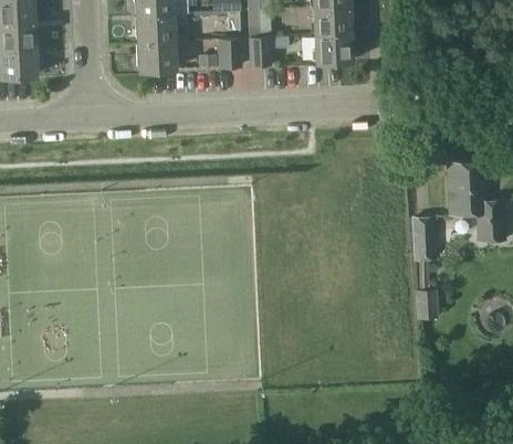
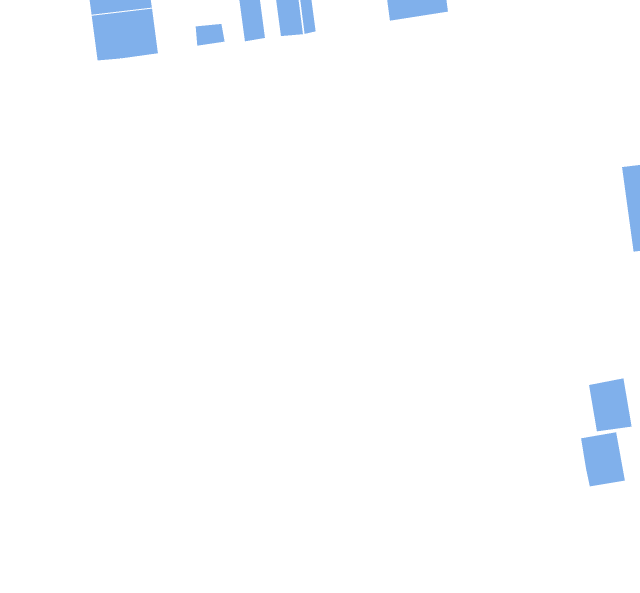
building: [412,216,437,261] -> none
building: none -> [580,432,626,487]

